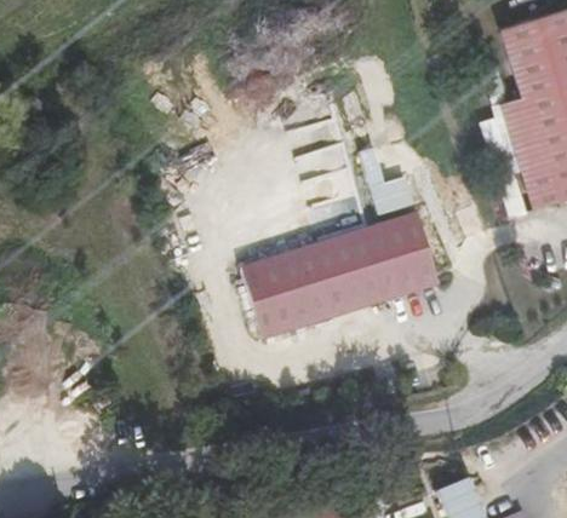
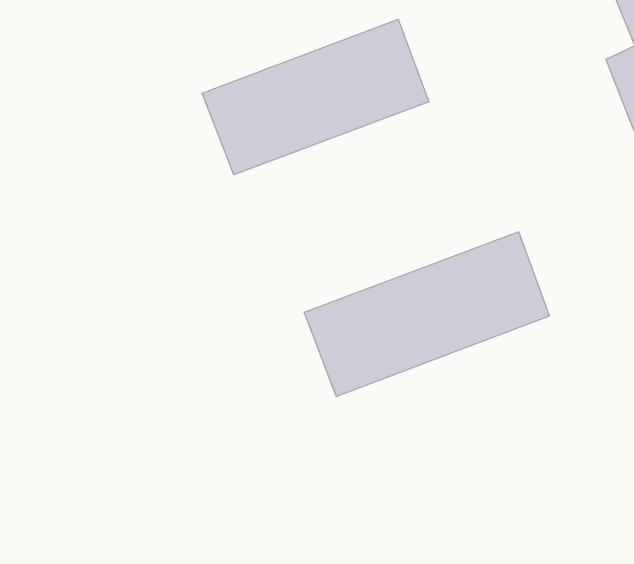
building: none -> [202,19,429,175]

